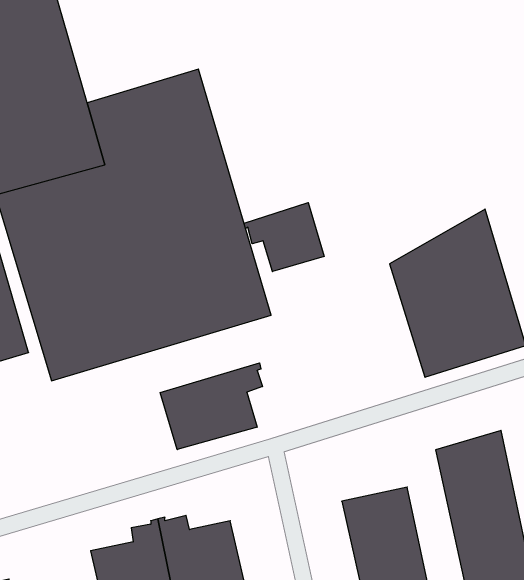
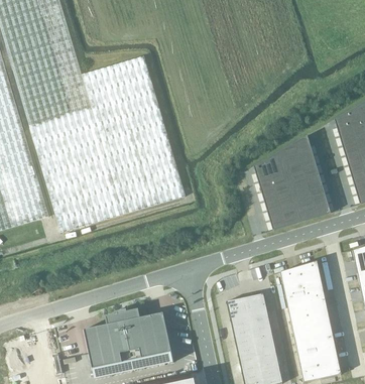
building: [244,203,324,272] -> none
building: [160,363,262,450] -> none

